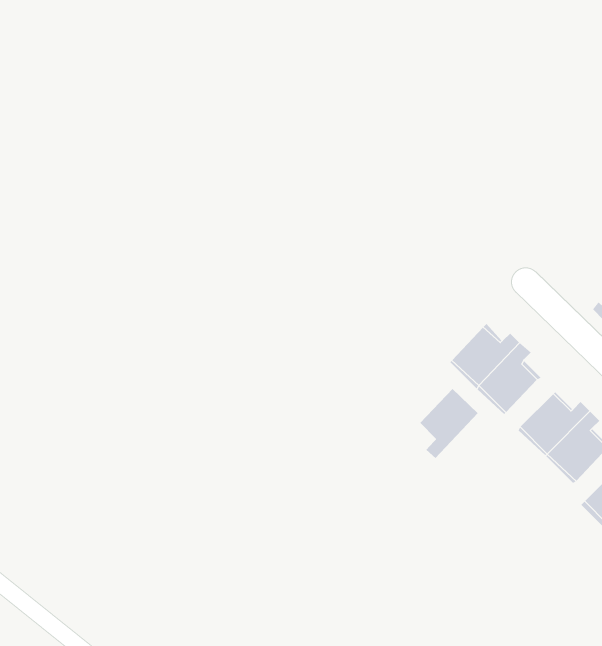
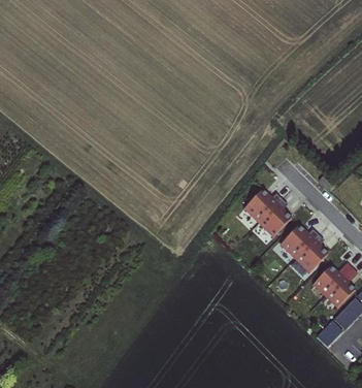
building: [419,388,478,459] -> none

